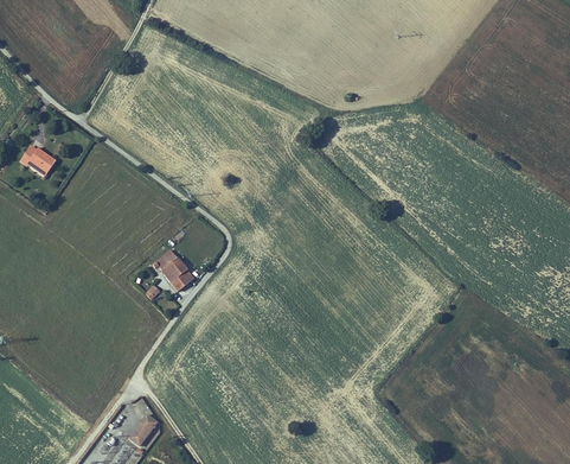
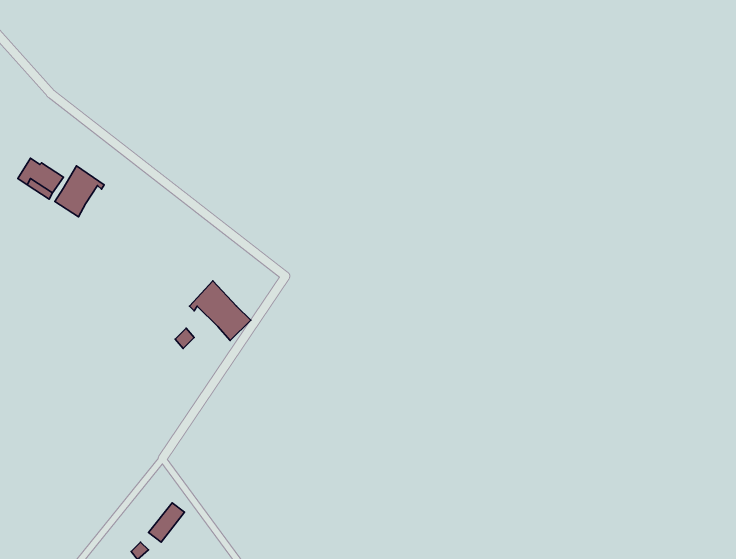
building: none -> [55,166,104,217]

